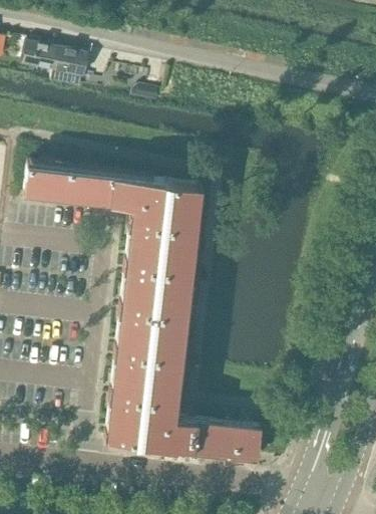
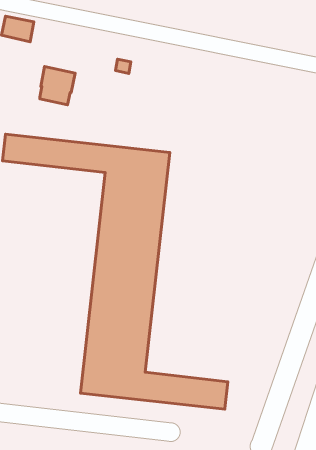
building: [53,50,90,90] -> [40,67,75,105]

